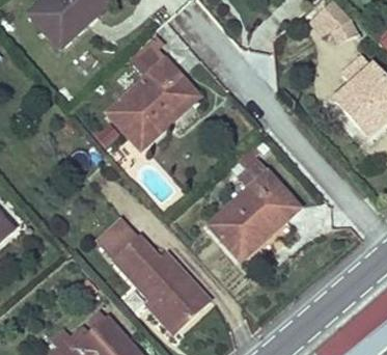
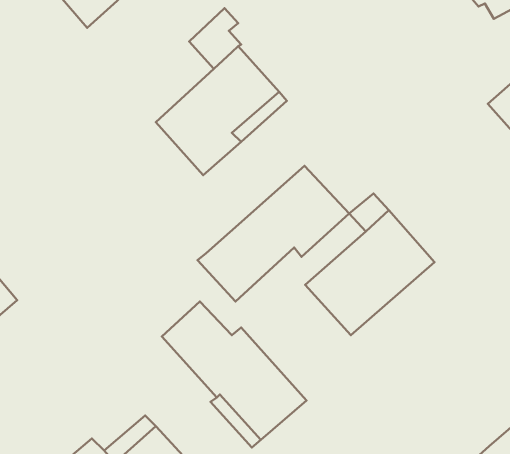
building: none -> [198,166,349,302]
building: [96,217,139,258] -> none

